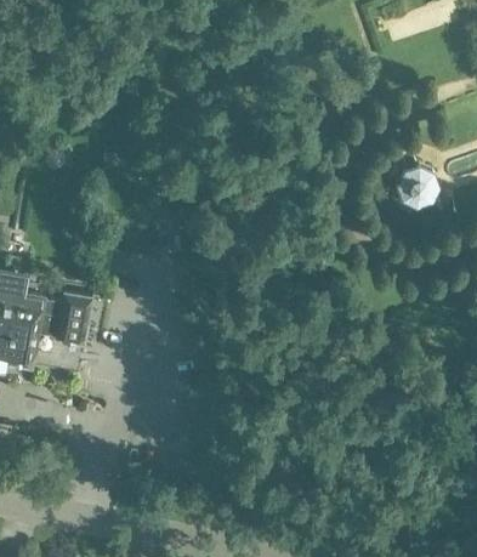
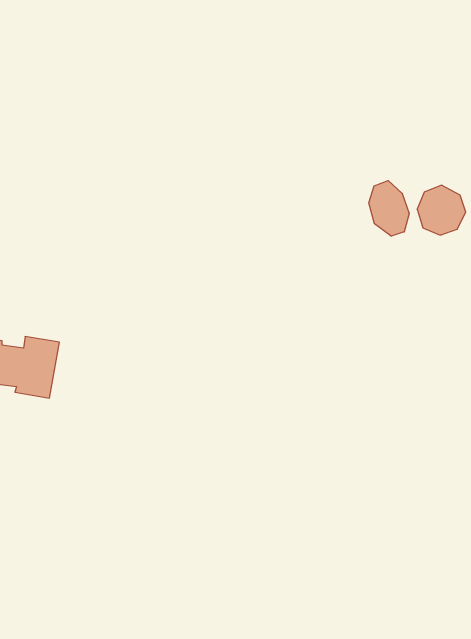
building: none -> [369,181,409,236]

